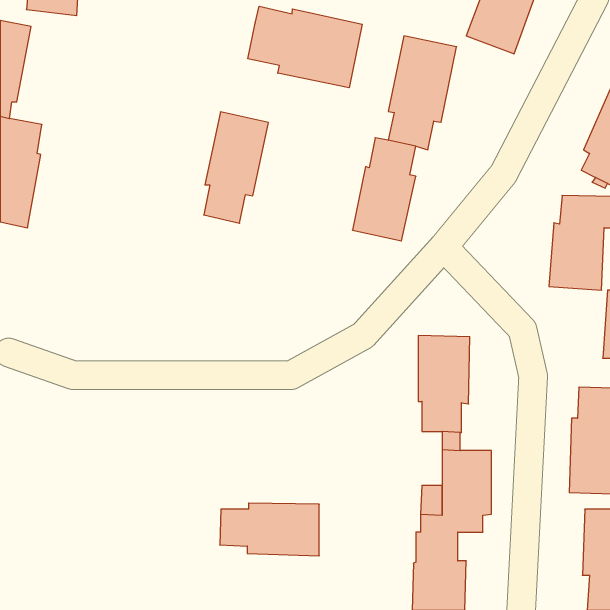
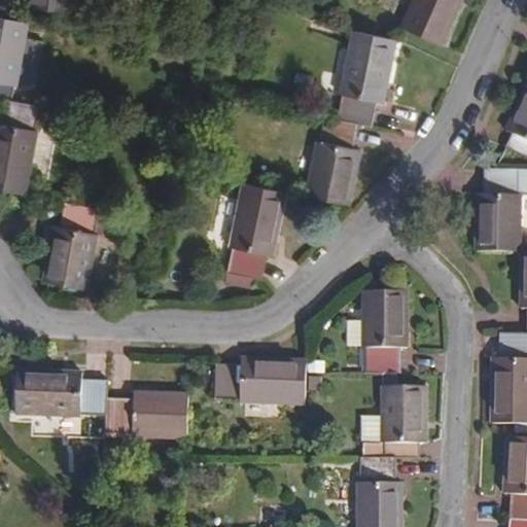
building: [248,6,362,88] -> none
building: [204,112,268,223] -> [229,185,284,281]
building: none -> [44,203,100,290]
building: none -> [15,373,189,436]
building: [220,503,319,556] -> [218,357,304,402]

